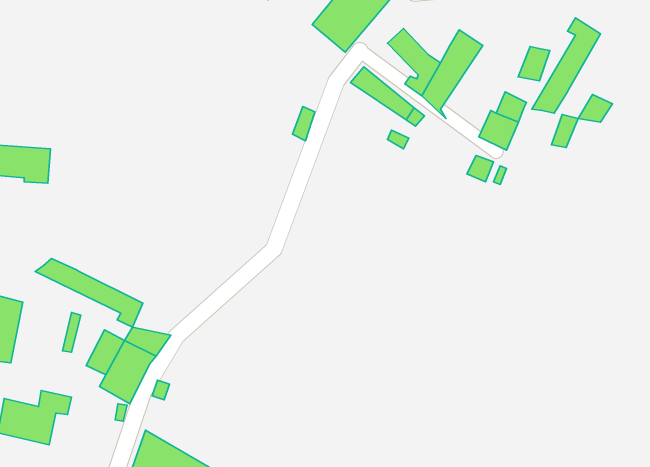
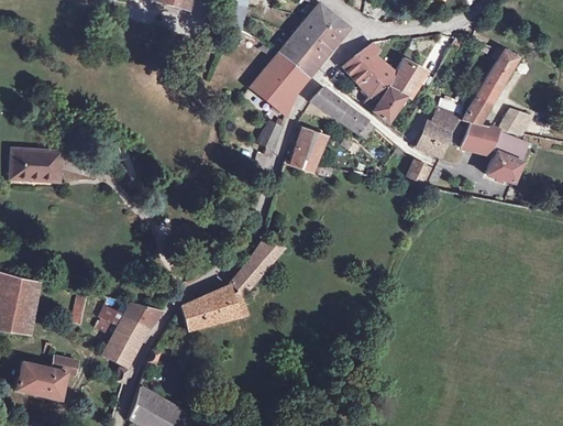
building: none -> [355,43,394,83]
building: none -> [252,51,307,114]
building: [518,46,550,81] -> [461,122,487,151]
building: none -> [289,128,327,172]
building: none -> [487,140,521,182]
building: none -> [183,240,283,330]
building: [35,258,143,327] -> none

